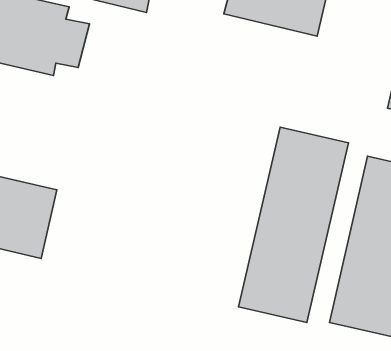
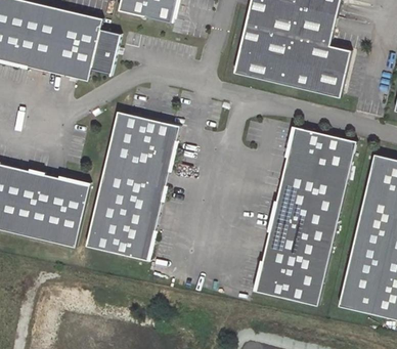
building: none -> [231,25,349,97]
building: none -> [86,112,181,260]

